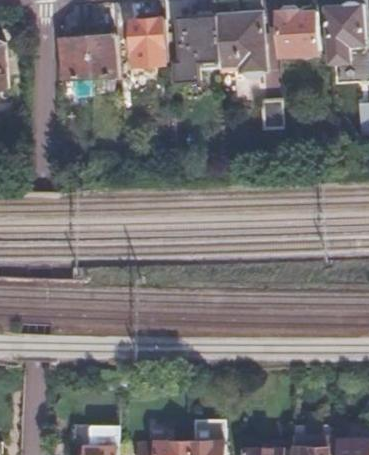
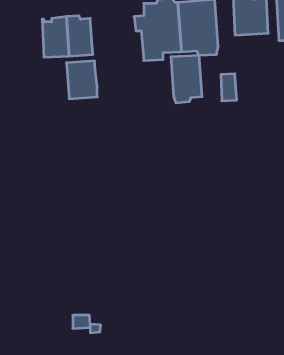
building: [131,19,166,62] -> [66,61,97,99]
building: none -> [171,55,202,103]

